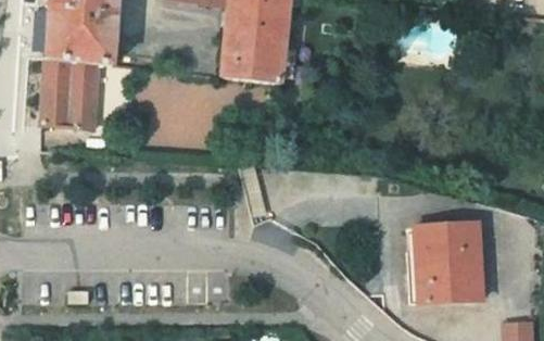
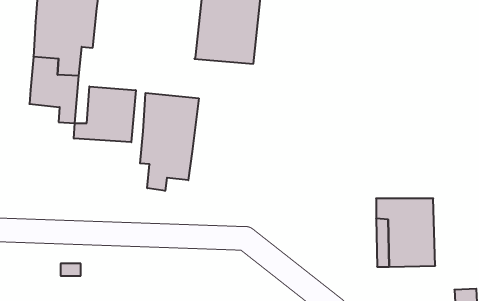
building: none -> [74,86,136,142]
building: none -> [140,93,199,191]

